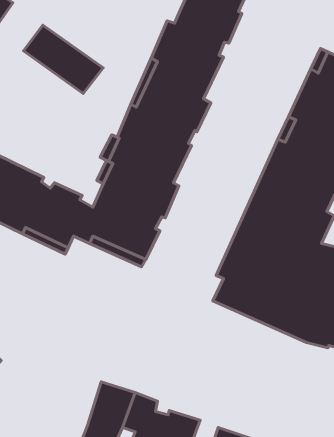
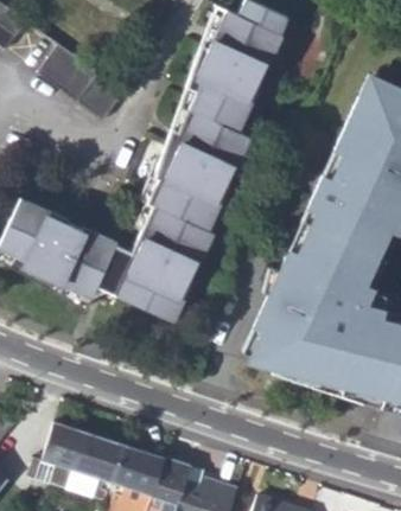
building: none -> [30,423,127,502]

